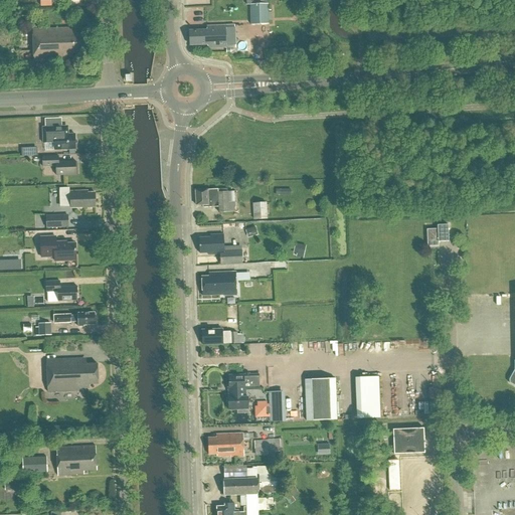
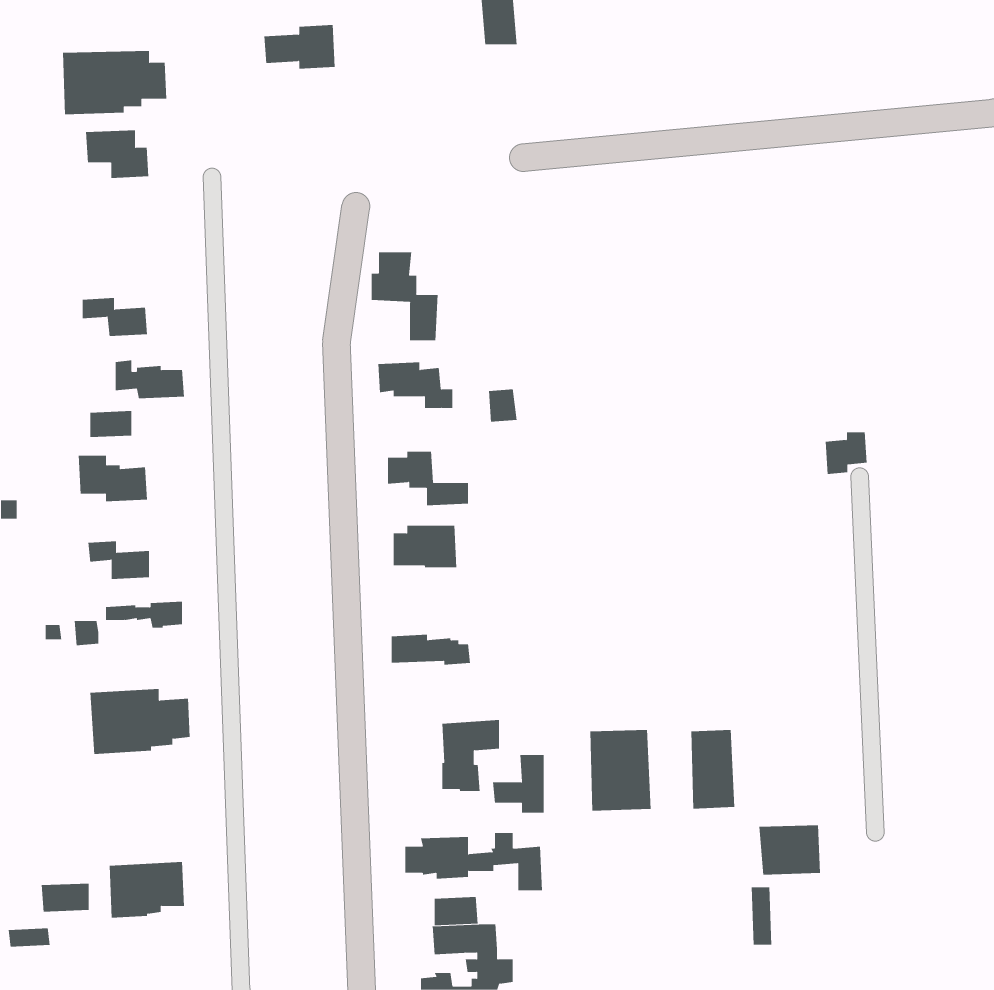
building: [189,23,226,46] -> [263,24,335,69]
building: [42,124,75,149] -> [85,130,149,178]
building: none -> [371,251,438,341]

